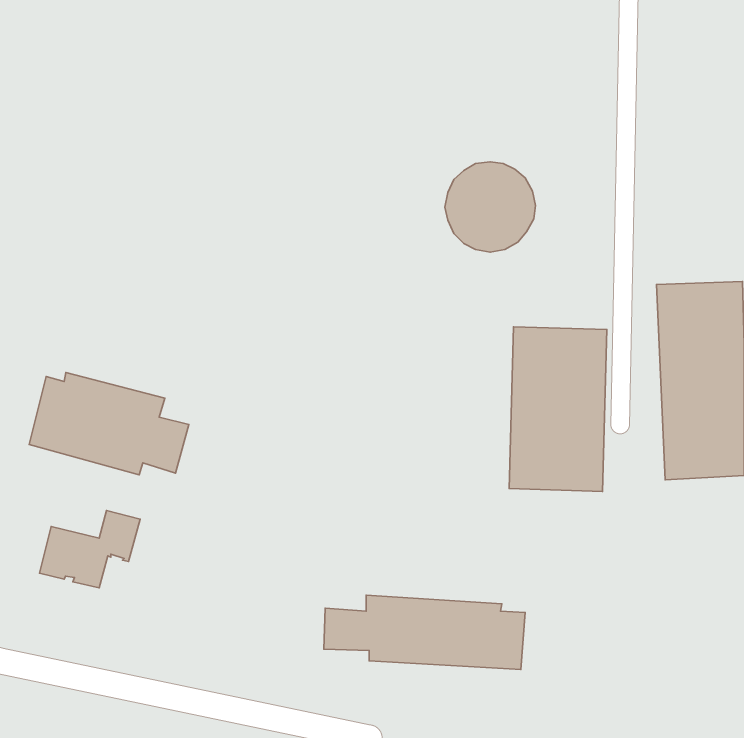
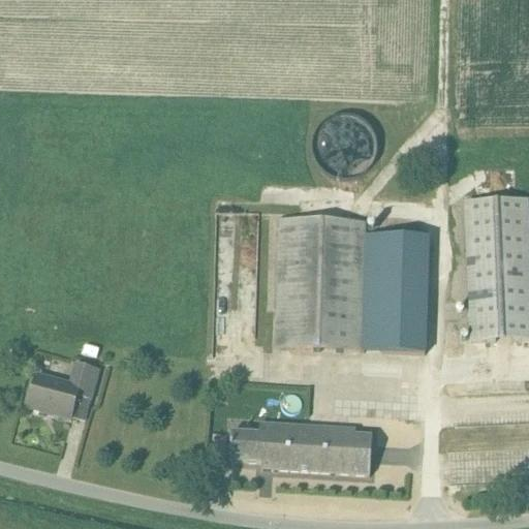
building: none -> [275,214,363,346]
building: [29,372,189,475] -> none

